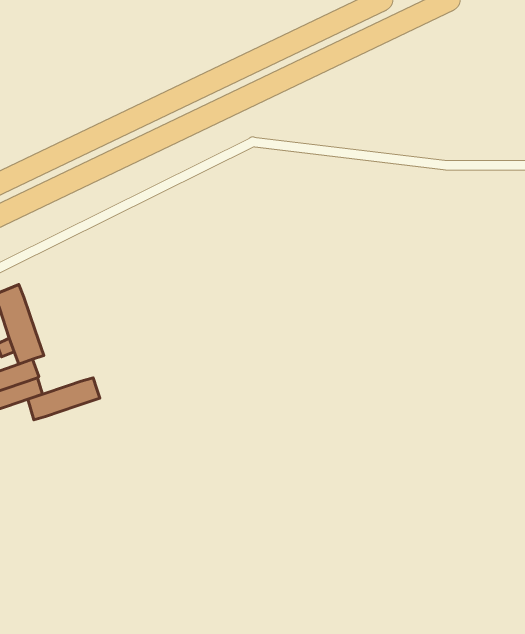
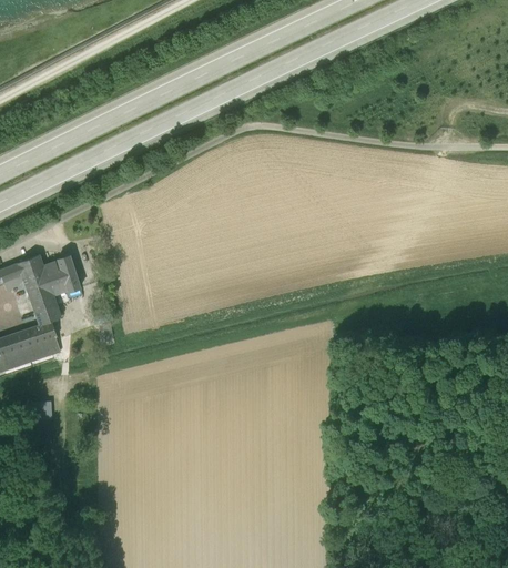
building: none -> [43,255,80,295]
building: [28,378,100,420] -> none

